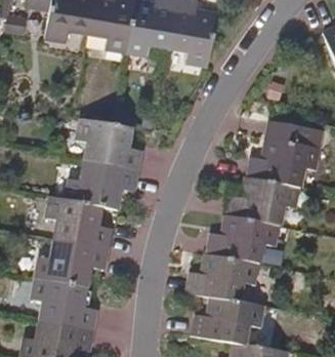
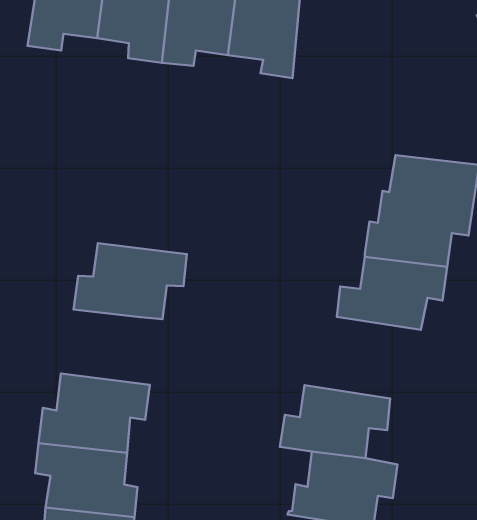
building: [75,119,138,170] -> none
building: [48,199,111,249] -> none
building: [205,214,277,264] -> none

